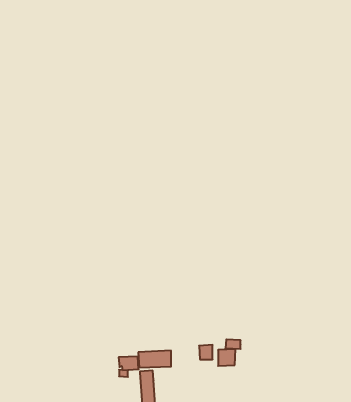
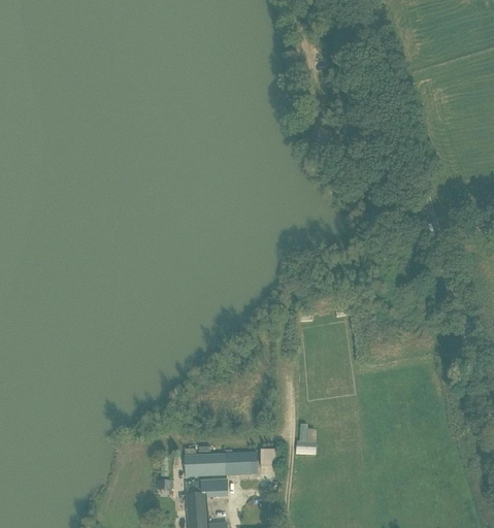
building: [218,349,236,366] -> [227,453,250,474]
building: [119,356,139,370] -> [203,478,229,496]

